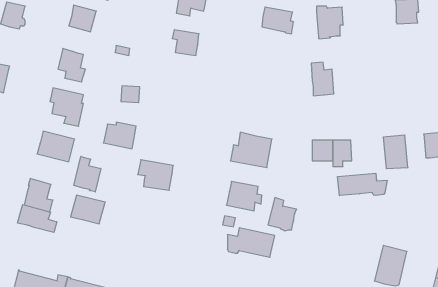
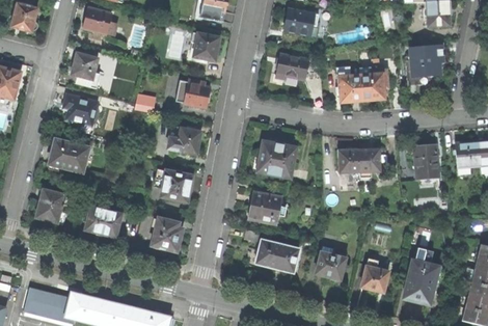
building: [317,6,343,39] -> [359,67,387,102]
building: none -> [410,45,443,84]
building: none -> [275,53,308,78]
building: none -> [180,79,210,108]
building: [103,122,136,149] -> [167,127,201,155]
building: [74,156,101,192] -> none
building: [338,173,387,196] -> none
building: [268,197,297,231] -> [316,245,346,280]
building: [18,205,57,232] -> none
building: none -> [152,217,184,252]
building: none -> [361,257,388,292]

